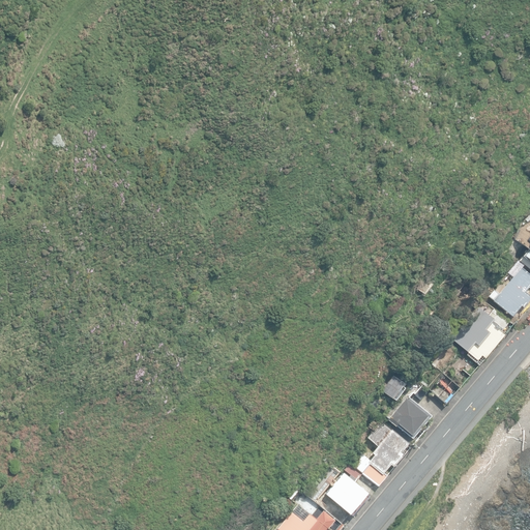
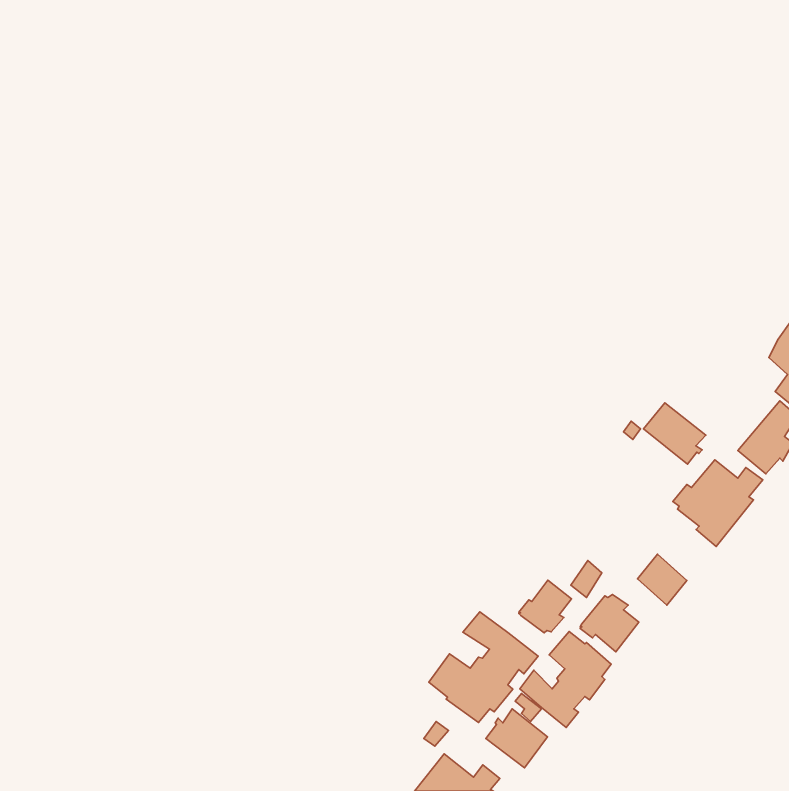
building: none -> [644,403,706,464]
building: none -> [519,580,572,633]
building: none -> [429,612,538,723]

